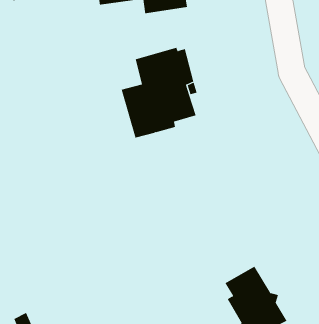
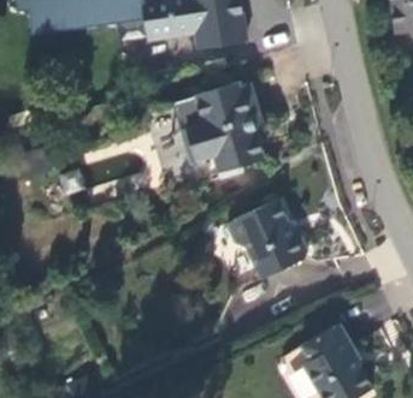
building: none -> [220,200,300,277]

